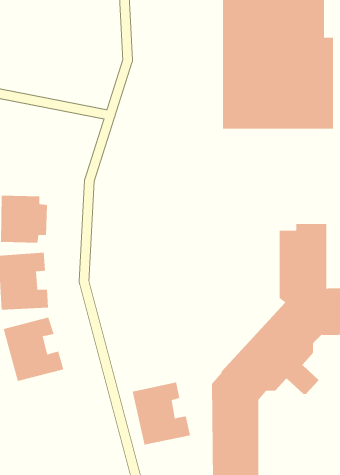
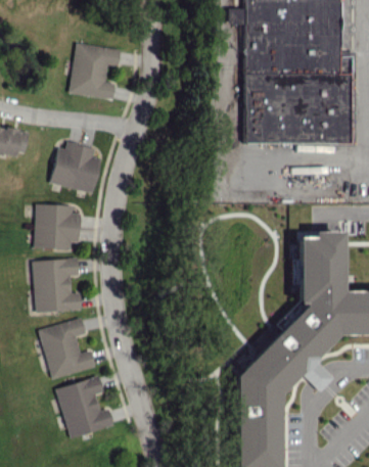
building: none -> [70,43,122,99]
building: none -> [51,142,102,192]
building: [132,382,191,445] -> [58,377,113,436]

